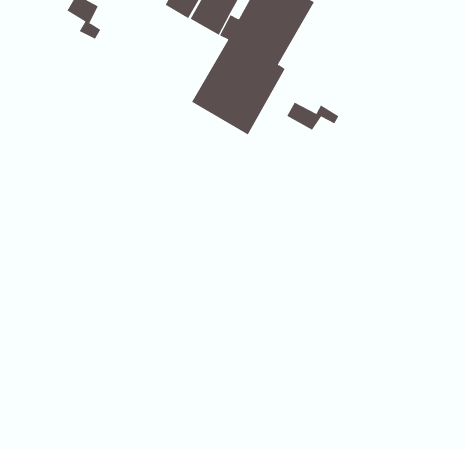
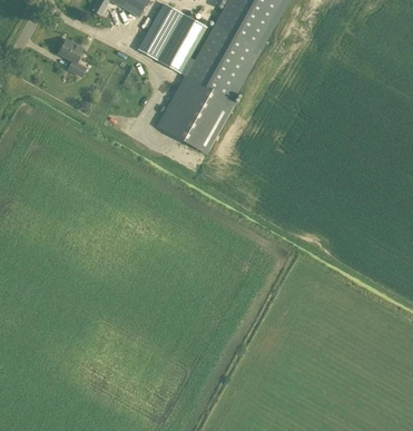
building: [287,102,339,131] -> none

